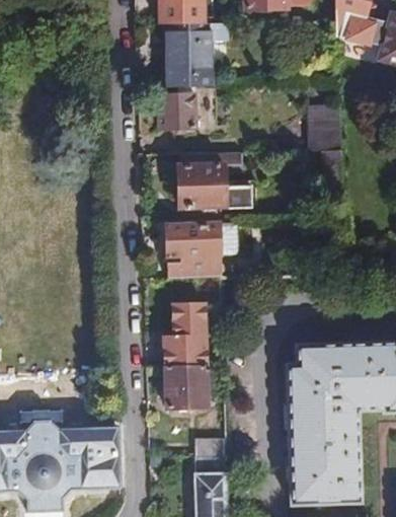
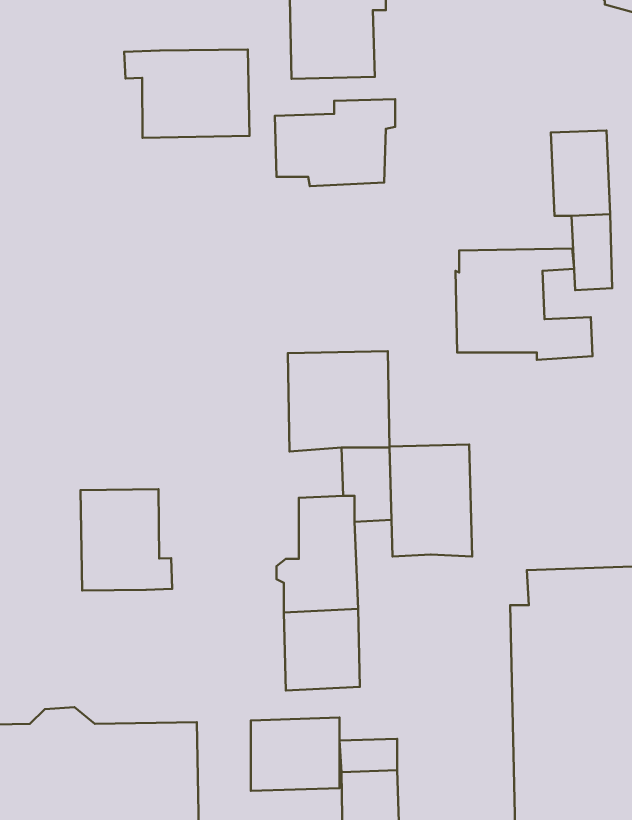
building: none -> [124,49,250,138]
building: [177,153,252,214] -> [455,249,593,360]
building: none -> [390,444,472,557]
building: none -> [80,489,172,590]
building: none -> [251,718,340,791]

